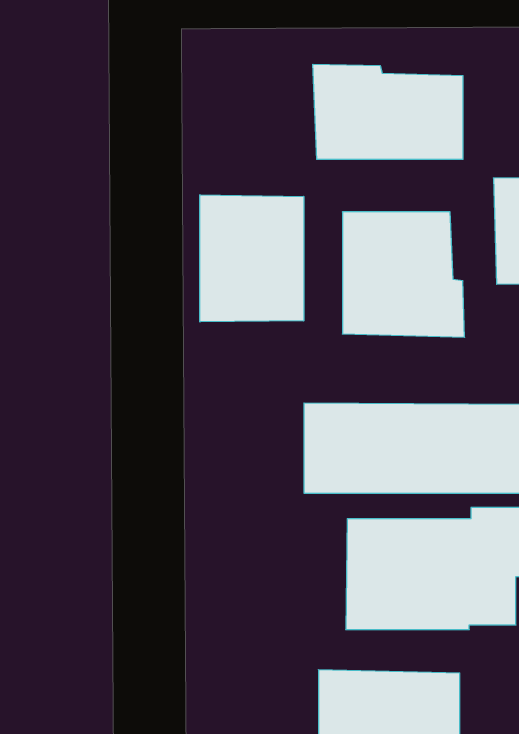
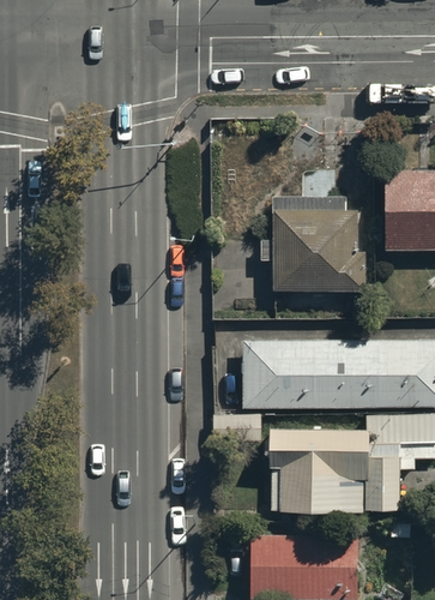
building: [313,64,463,159] -> none
building: [200,195,304,322] -> none

